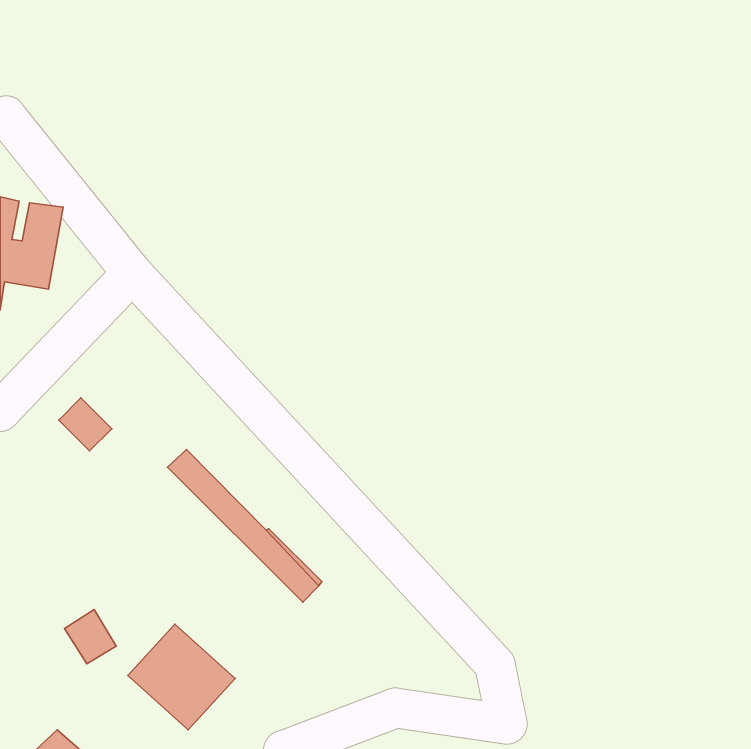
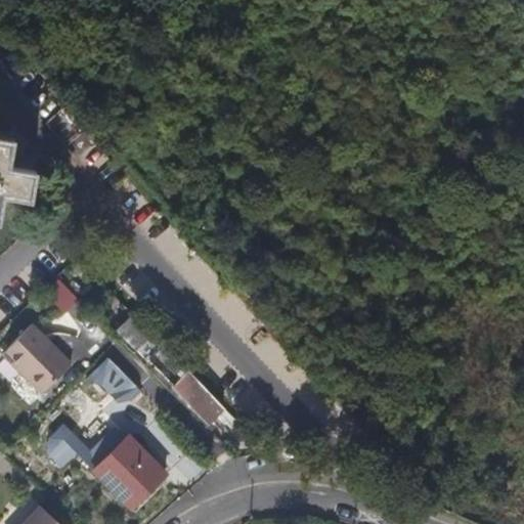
building: none -> [6,328,76,397]
building: none -> [91,358,137,403]

